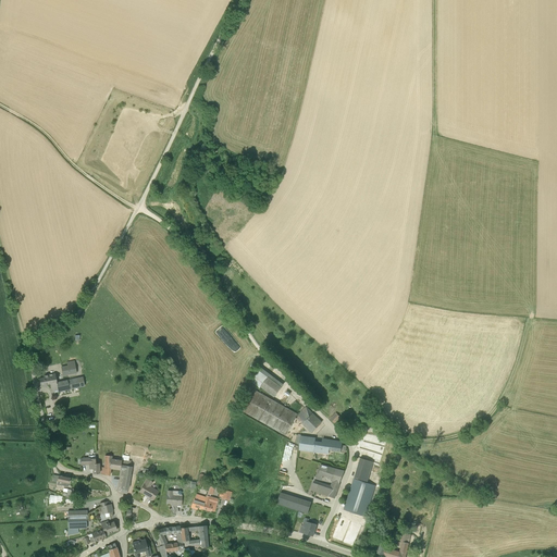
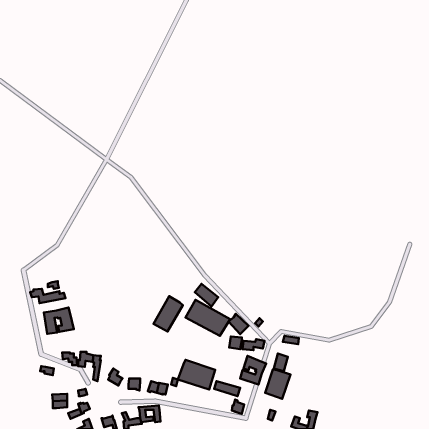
building: none -> [154,296,183,332]
building: none -> [44,308,74,334]
building: none -> [178,360,215,389]

